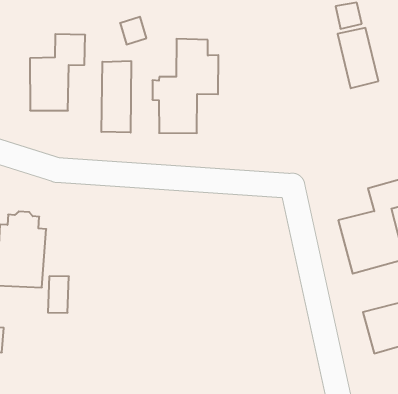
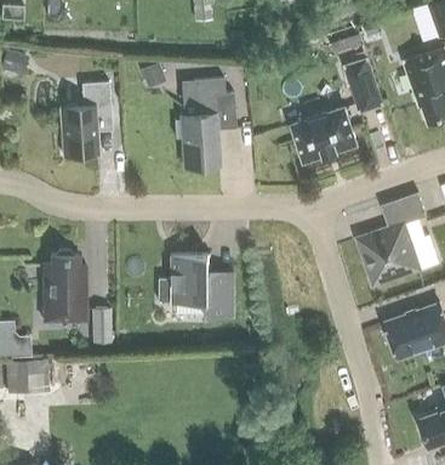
building: [101,61,131,133] -> none
building: none -> [292,108,358,163]
building: none -> [159,255,235,317]

